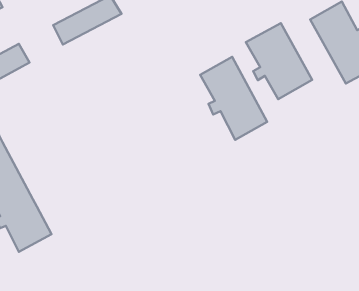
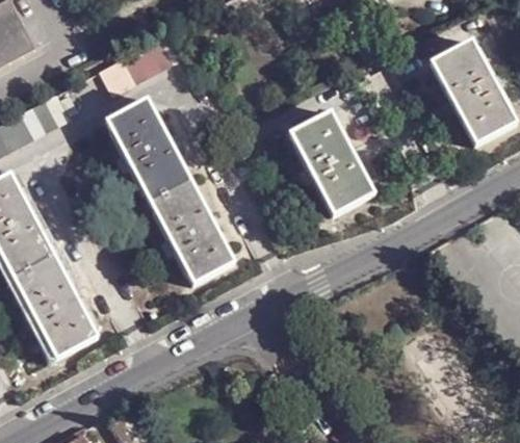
building: [246,23,312,99] -> none
building: none -> [107,100,233,284]

